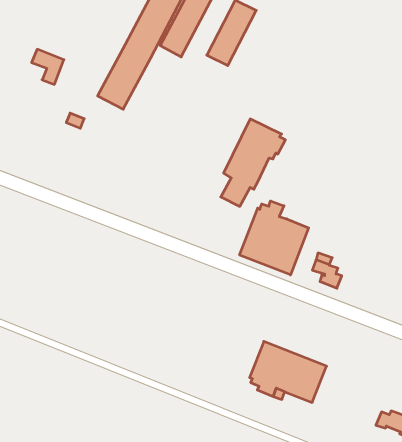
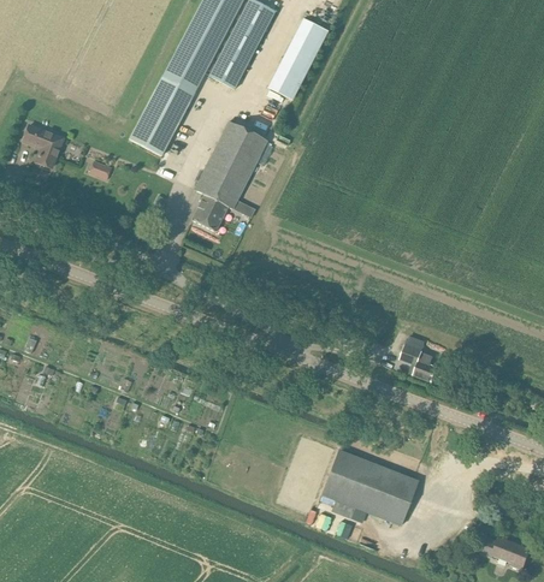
building: [32,49,64,84] -> [24,124,65,168]
building: [221,119,285,206] -> [191,120,273,231]
building: [240,201,309,275] -> none

